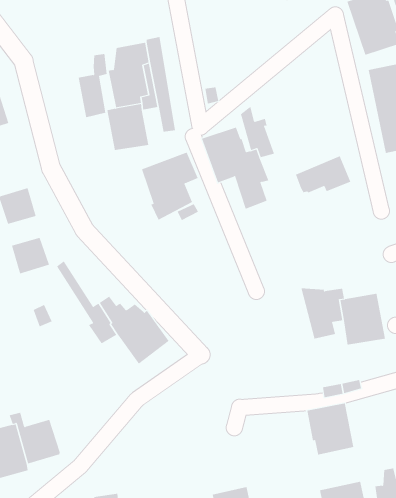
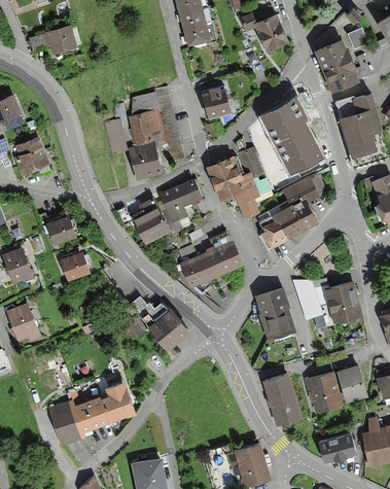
building: none -> [201,85,233,119]
building: none -> [259,99,323,174]
building: none -> [116,197,175,244]
building: none -> [257,198,319,250]
building: none -> [176,232,244,289]
building: none -> [254,288,295,343]
building: none -> [335,363,367,403]
building: none -> [261,372,303,425]
building: none -> [99,384,136,424]

